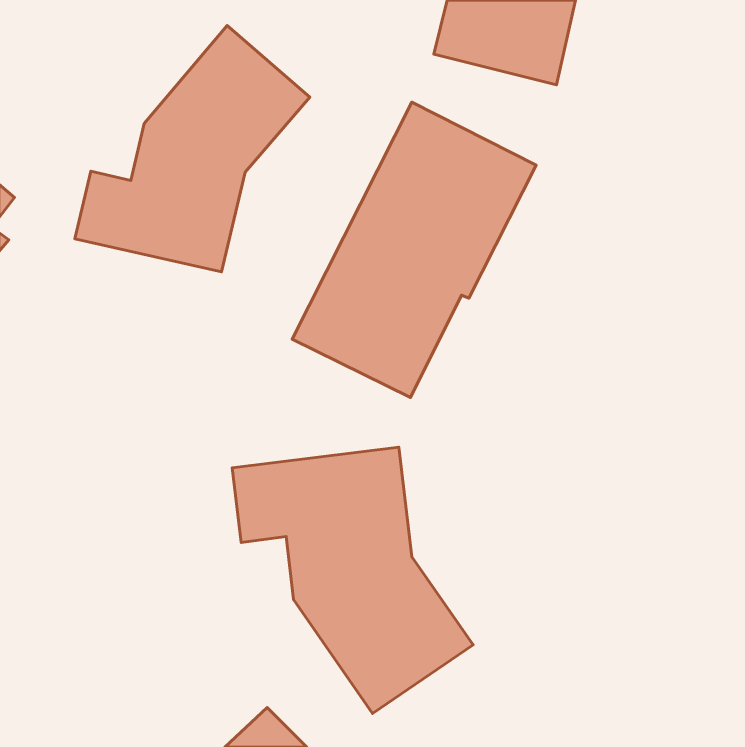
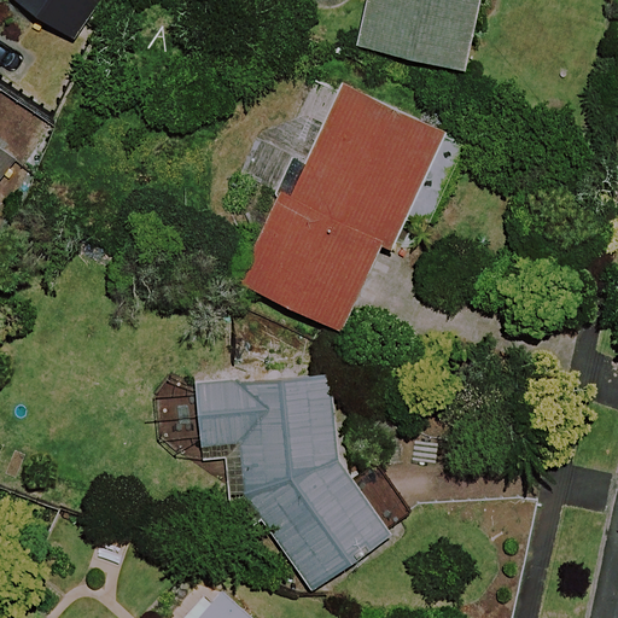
building: [75,26,310,272] -> none

